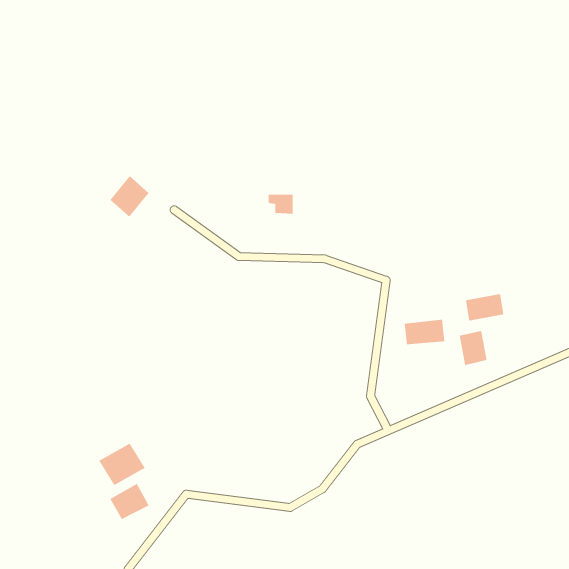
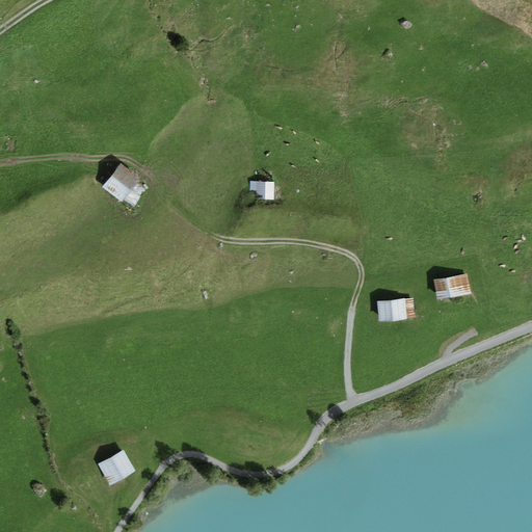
building: [459,330,487,366] -> none
building: [99,443,146,486] -> none

